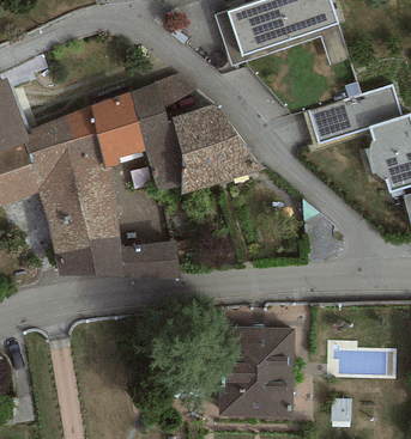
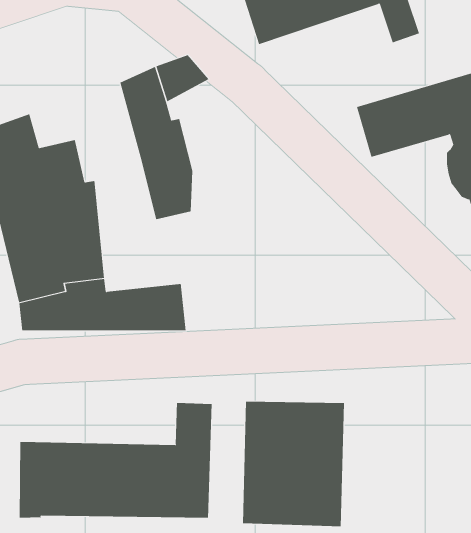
building: [64,92,145,165] -> none
building: [174,102,264,194] -> none
building: none -> [19,402,212,519]

